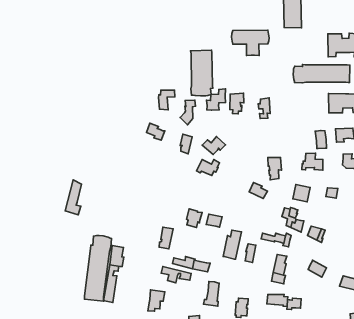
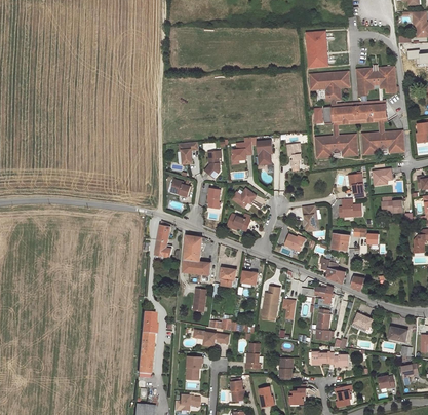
building: [232,30,269,56] -> [309,72,349,101]
building: [191,50,213,96] -> none
building: none -> [315,135,356,157]
building: none -> [183,235,210,281]
building: [65,180,81,215] -> [155,221,171,258]
building: [84,235,111,301] -> none

